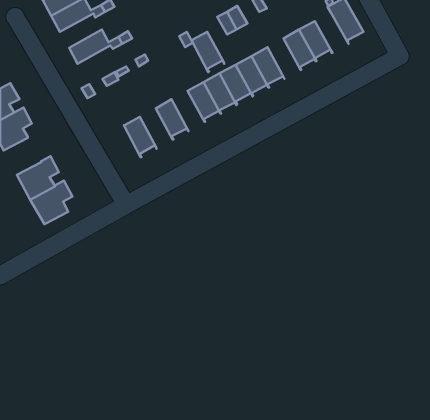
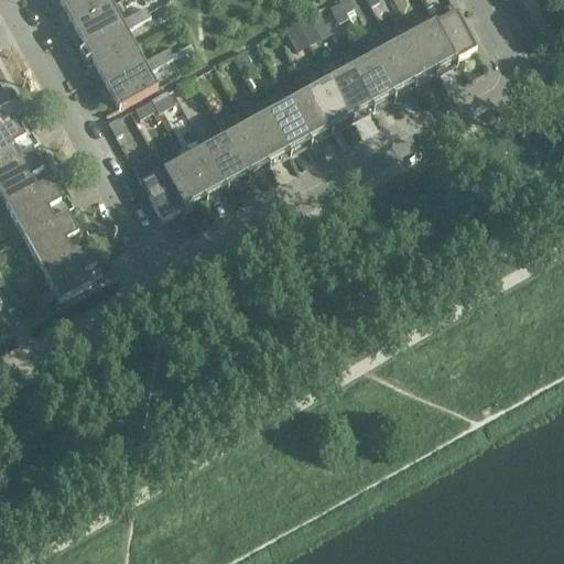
building: none -> [412,17,456,69]
building: none -> [78,18,133,63]
building: [191,32,224,72] -> [225,119,268,172]
building: none -> [350,51,393,104]
building: none -> [101,59,156,109]
building: none -> [183,142,226,194]
building: none -> [135,156,184,214]
building: none -> [4,173,59,229]

